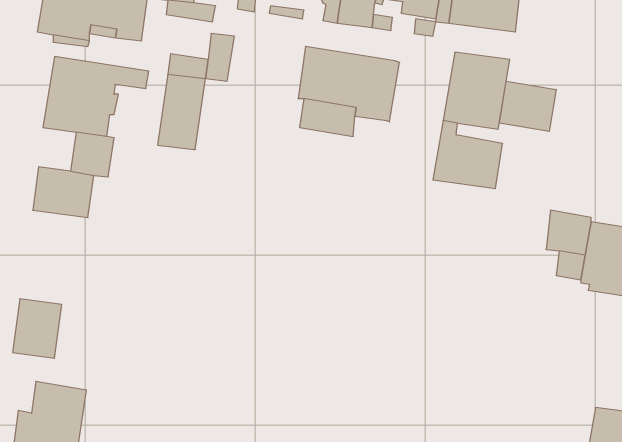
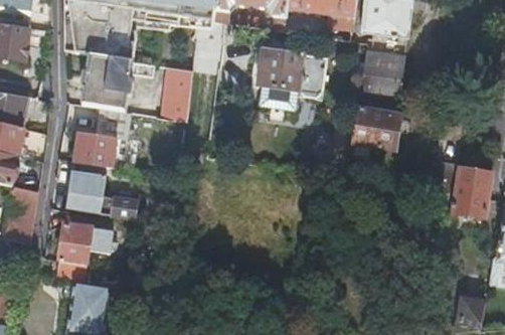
building: [499,81,556,131] -> none
building: none -> [65,168,137,216]

